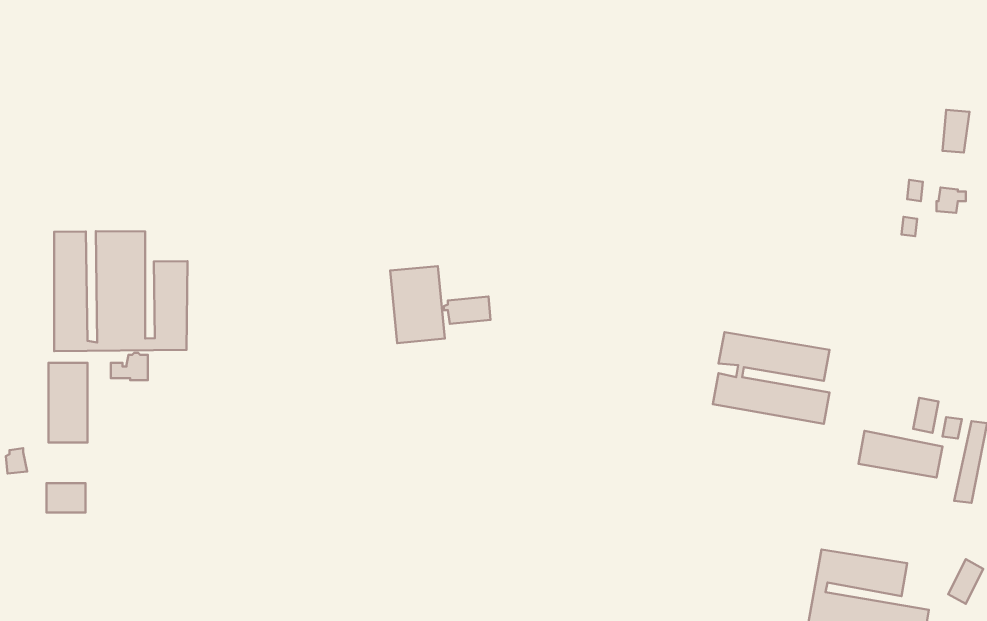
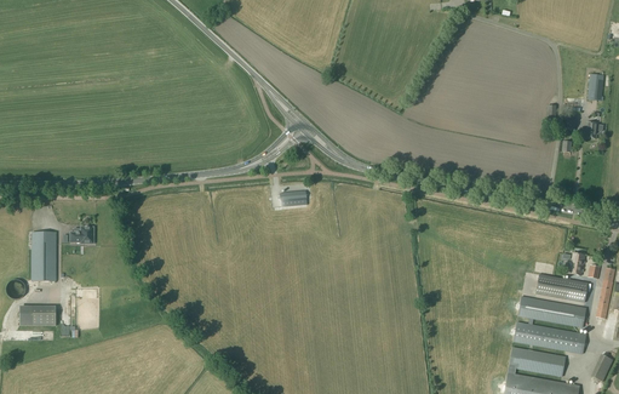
building: [54,231,188,351] -> none
building: [390,266,445,343] -> none
building: [713,332,830,424] -> [514,296,586,353]

